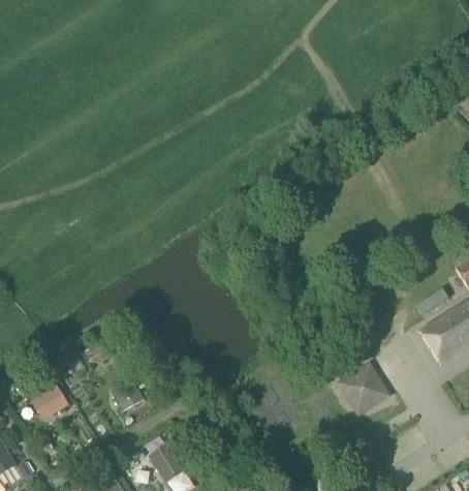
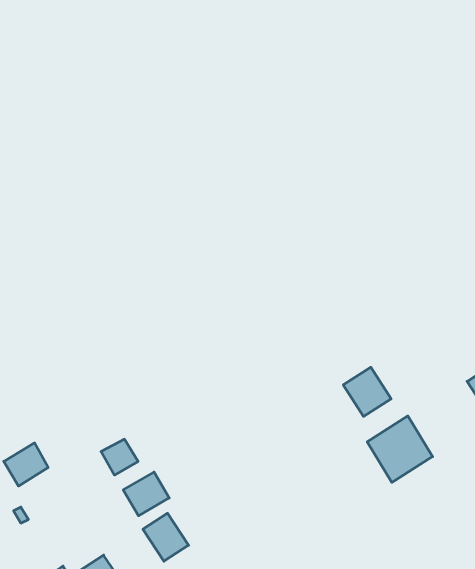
building: none -> [343,367,391,416]
building: none -> [123,472,169,516]

